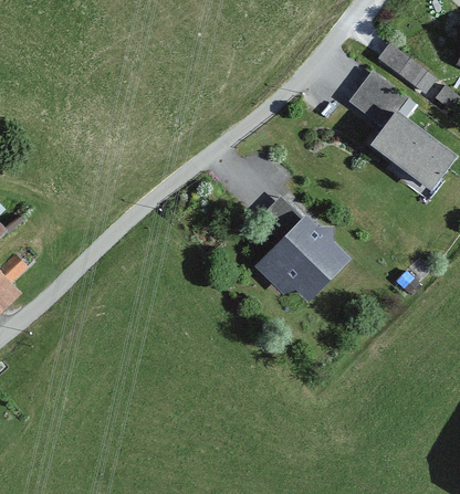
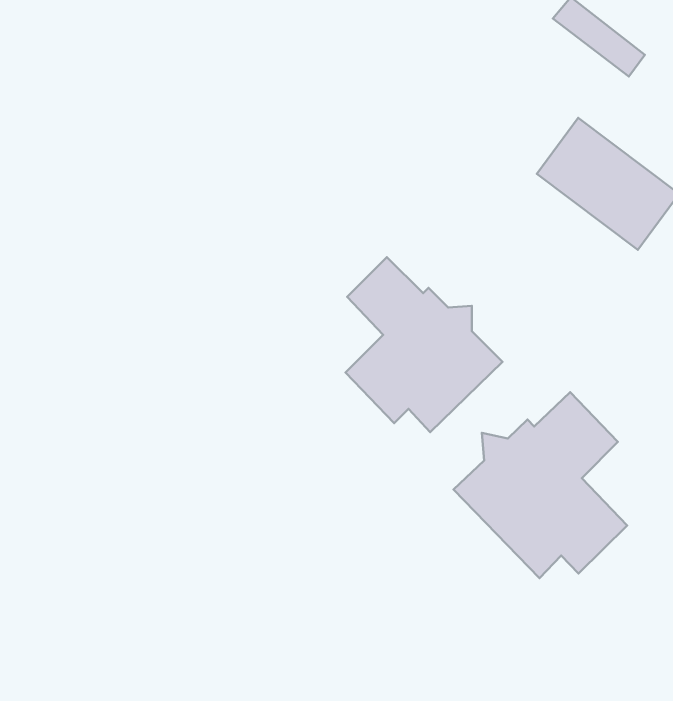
building: [347,72,408,116] -> none
building: none -> [453,392,627,578]

